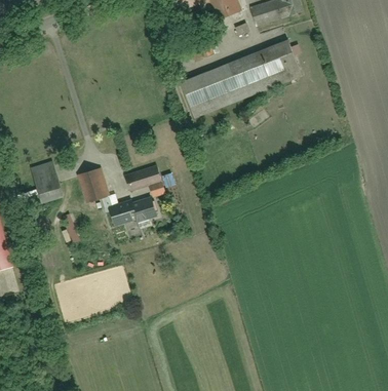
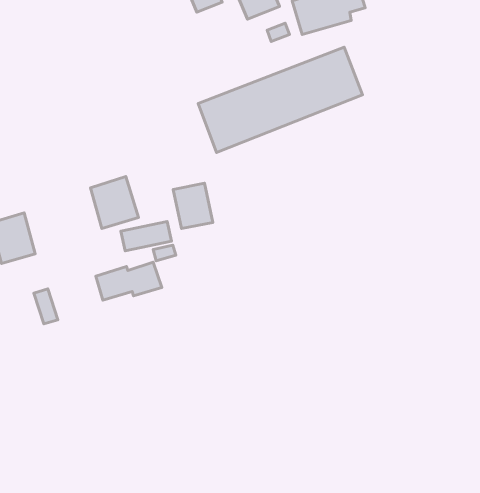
building: none -> [173,183,213,229]
building: [75,165,110,203] -> [91,177,138,229]

